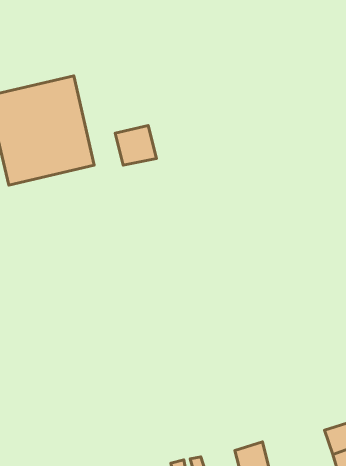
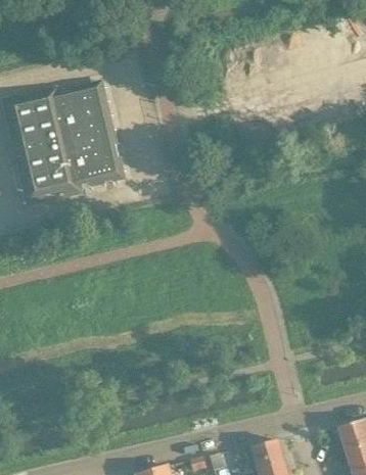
building: [115,125,156,165] -> none

